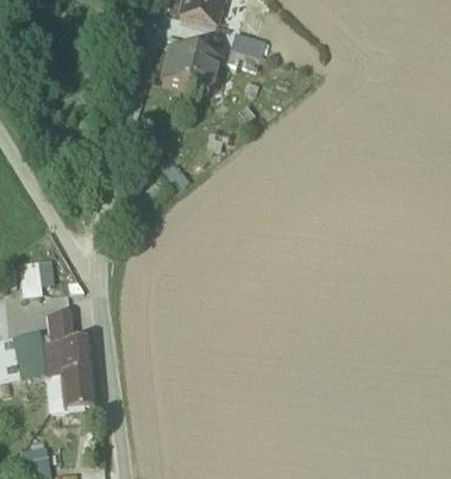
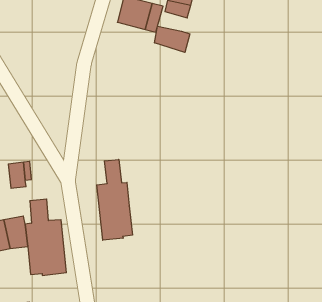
building: none -> [155,26,190,52]
building: none -> [97,159,132,240]

